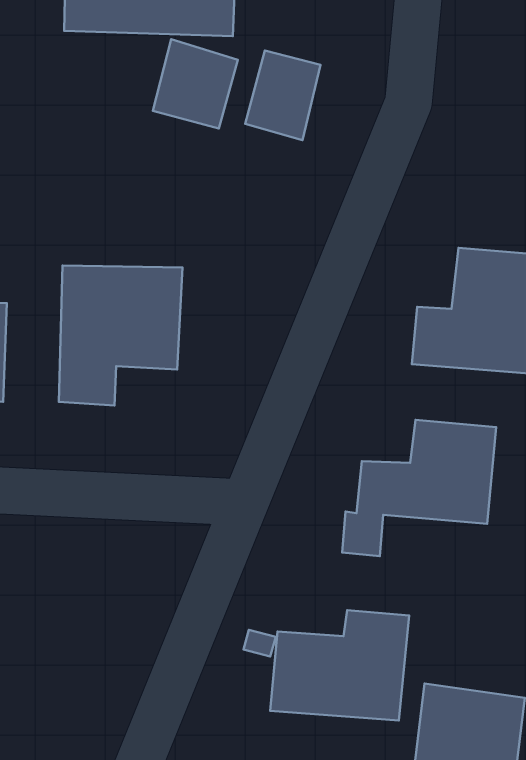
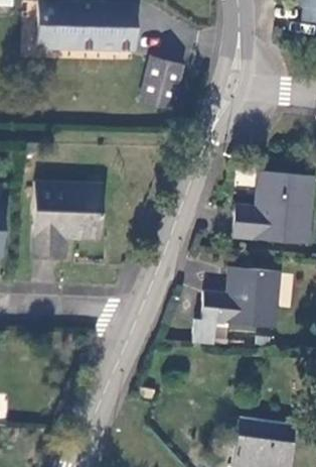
building: [153,39,238,129] -> none
building: [270,610,409,720] -> none

